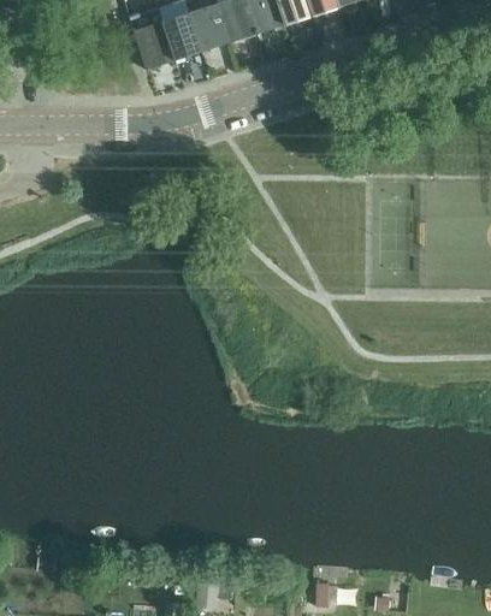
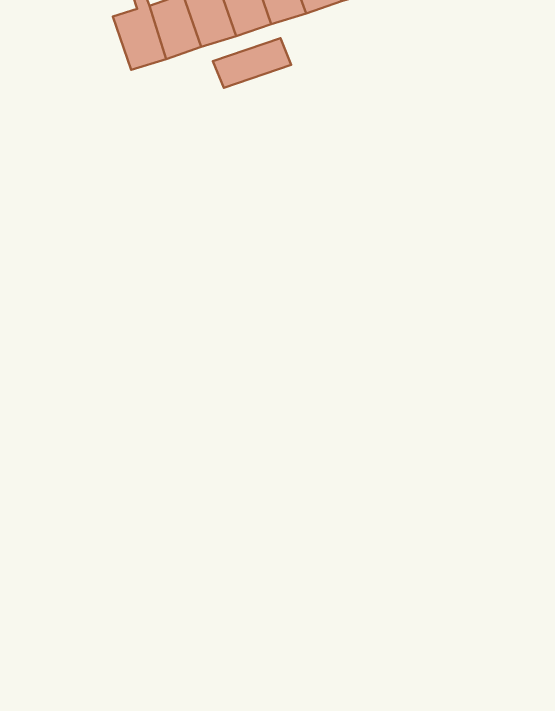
building: none -> [213,38,291,88]

